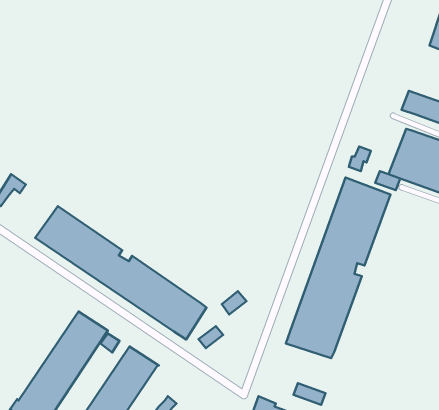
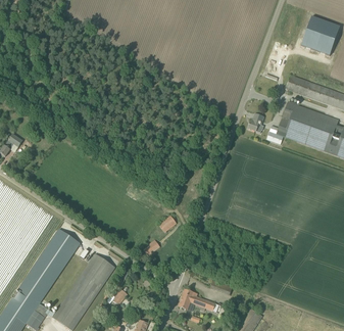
building: [286,178,391,358] -> none
building: [35,206,206,340] -> none

